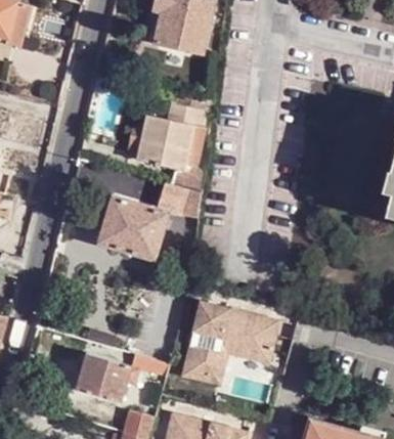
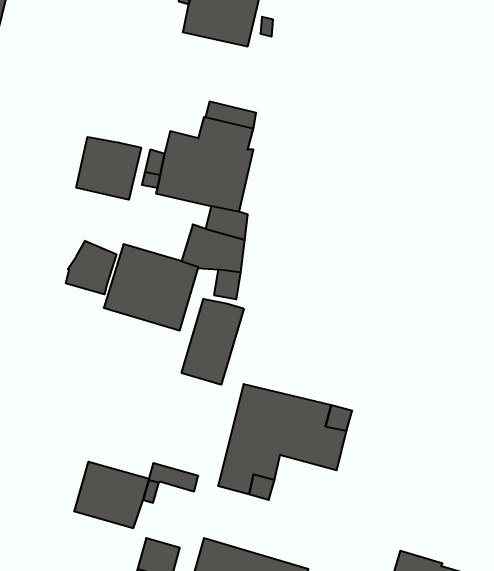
building: none -> [76,137,141,200]
building: none -> [66,241,116,294]
building: none -> [182,299,244,385]

